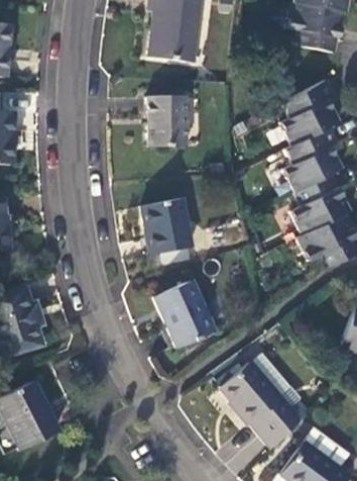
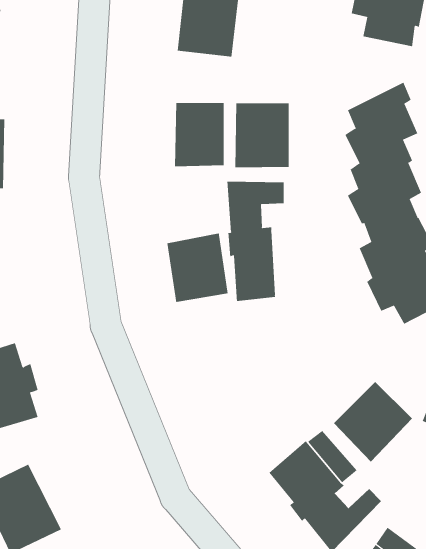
building: none -> [235,103,289,168]
building: none -> [227,181,284,302]
building: [155,280,216,347] -> none
building: none -> [333,381,413,462]

